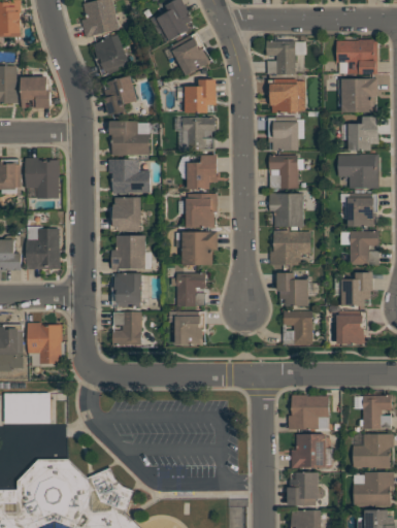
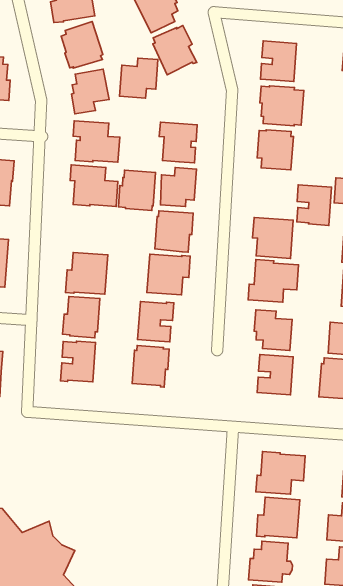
building: [185,79,216,113] -> [119,58,158,98]
building: [268,156,297,189] -> [297,185,332,225]
building: [110,198,140,231] -> [118,170,156,211]

